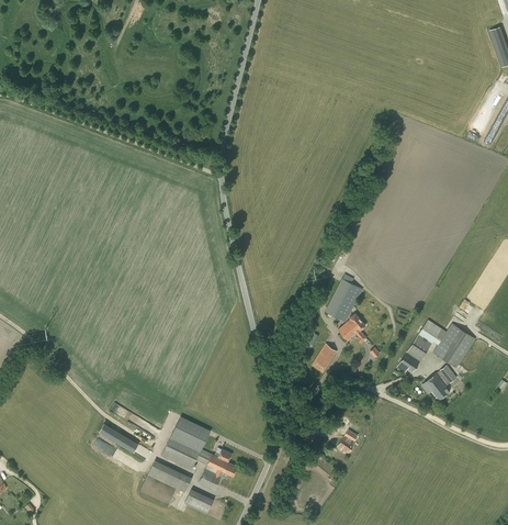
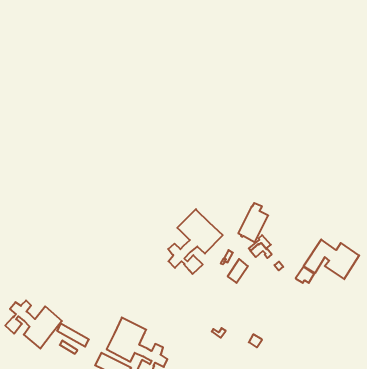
building: none -> [168,209,223,274]
building: [425,366,456,400] -> none
building: none -> [5,300,62,349]

